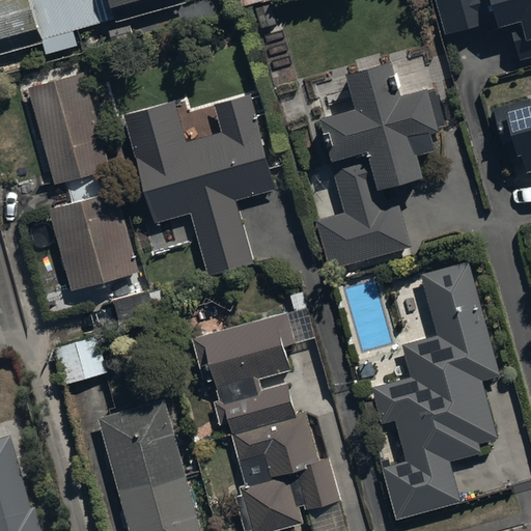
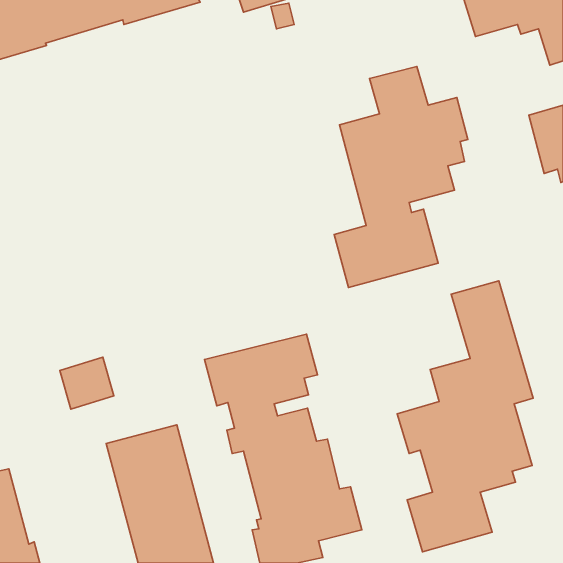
building: [26,63,108,175] -> none
building: [123,95,276,276] -> none
building: [50,191,139,288] -> none

